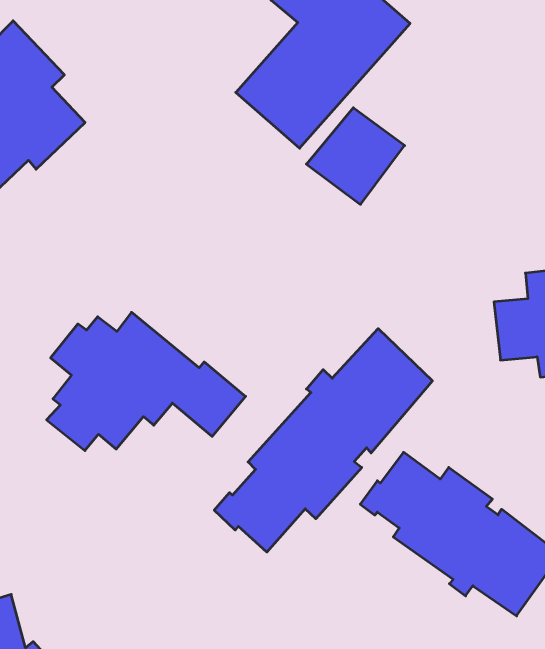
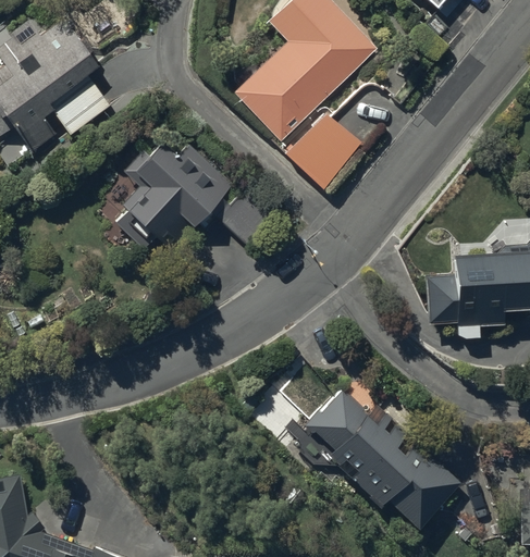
building: [47,312,246,451] -> [114,141,274,249]
building: [214,329,432,552] -> none

